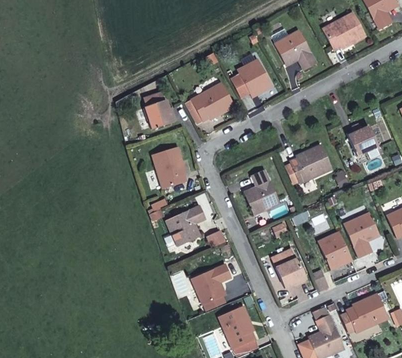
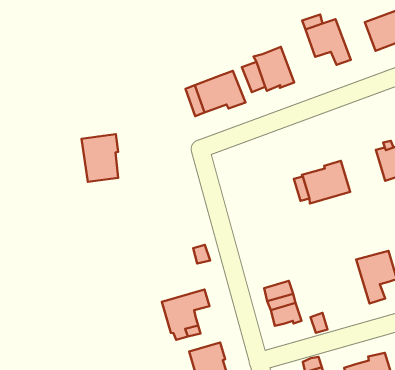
building: [147,101,178,129] -> none
building: [153,148,187,190] -> [82,134,118,182]
building: [244,170,278,214] -> none
building: [166,207,204,245] -> none
building: [318,230,351,268] -> none

